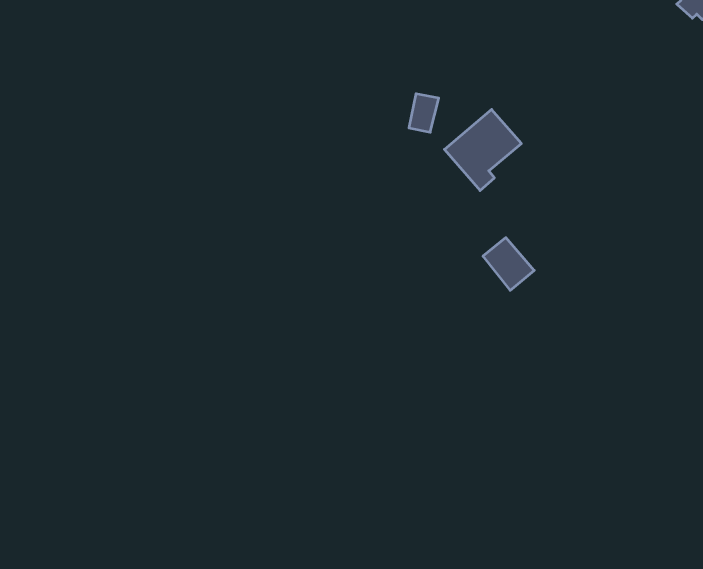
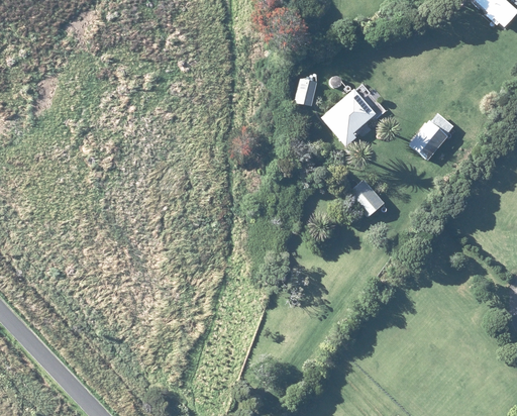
building: none -> [410,112,453,159]

